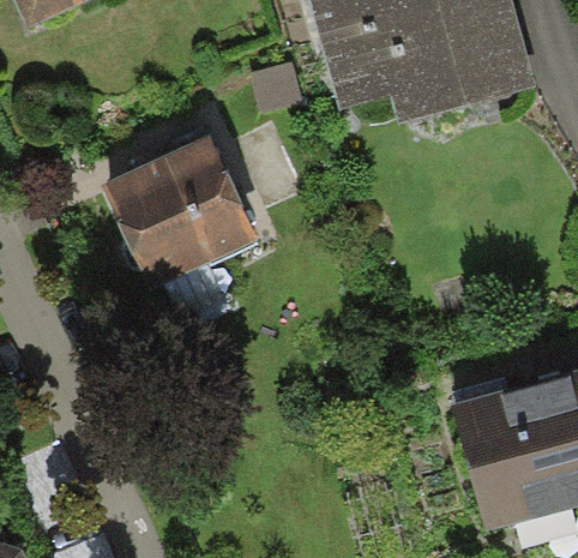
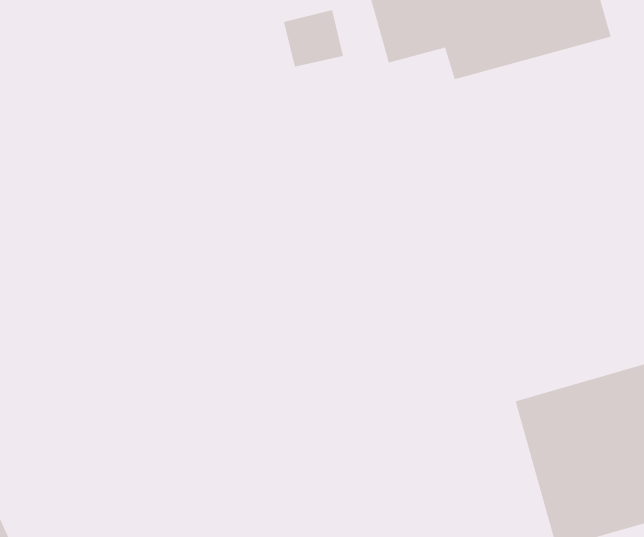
building: [101,132,258,288] -> none

